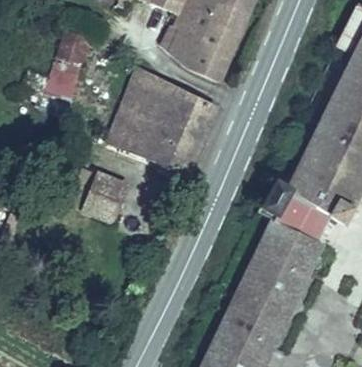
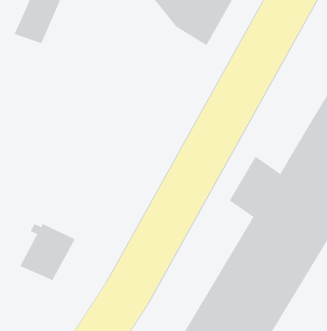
building: [100,66,201,167] -> none
building: [80,172,126,221] -> [20,223,75,281]

